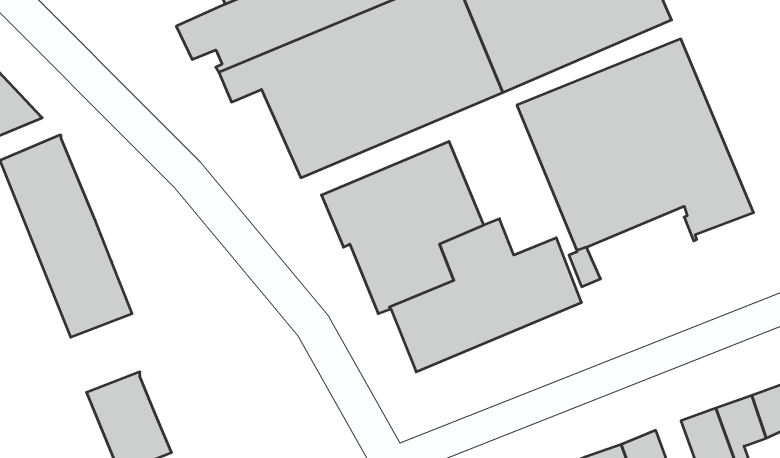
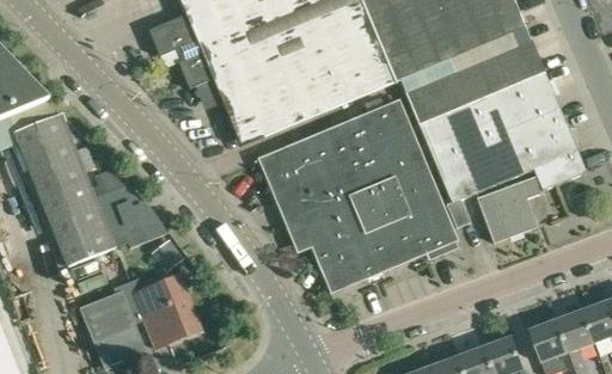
building: none -> [355,99,436,203]
building: none -> [87,167,169,246]
building: none -> [478,174,540,239]
building: none -> [133,275,200,348]

